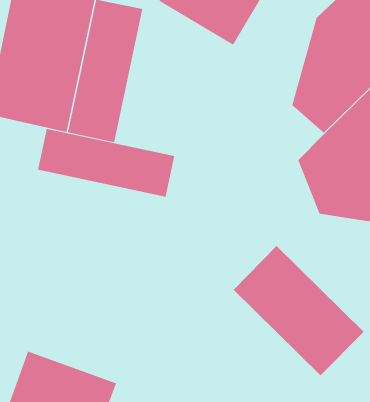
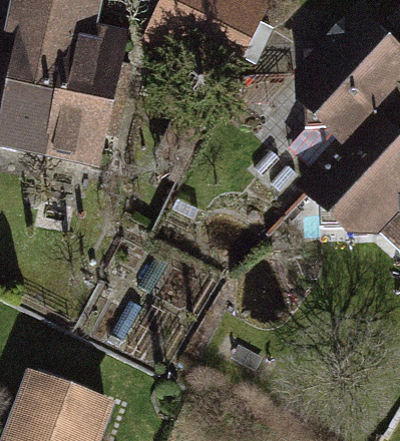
building: [38,128,175,197] -> none
building: [233,245,364,376] -> none

